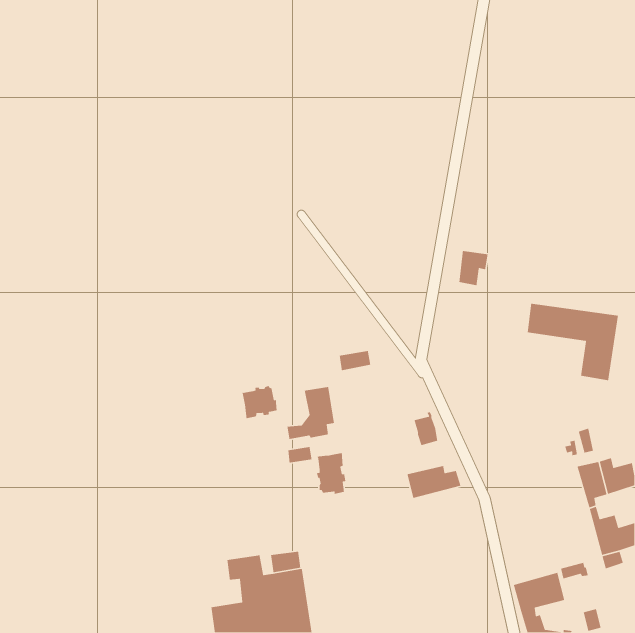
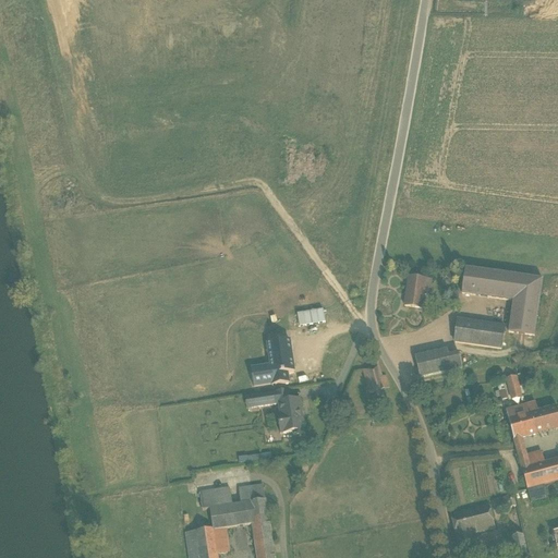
building: [458,250,488,286] -> [404,275,430,306]
building: none -> [454,317,504,347]
building: [242,385,277,419] -> none
building: [407,465,461,499] -> [414,347,462,376]

